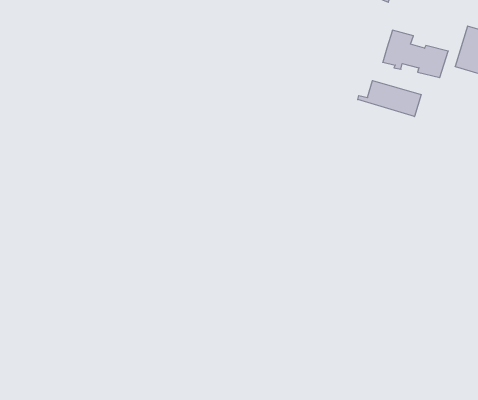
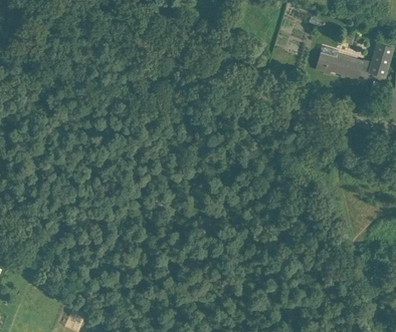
building: [358,81,421,117] -> none

